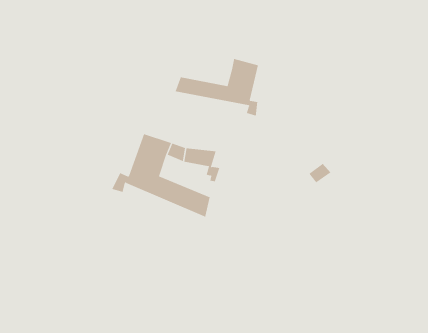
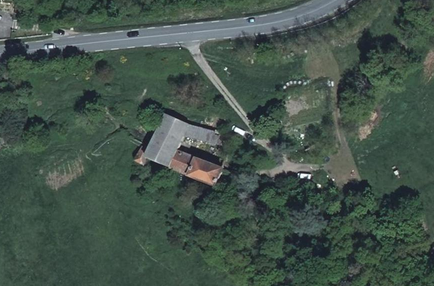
building: [175,58,259,116] -> none

